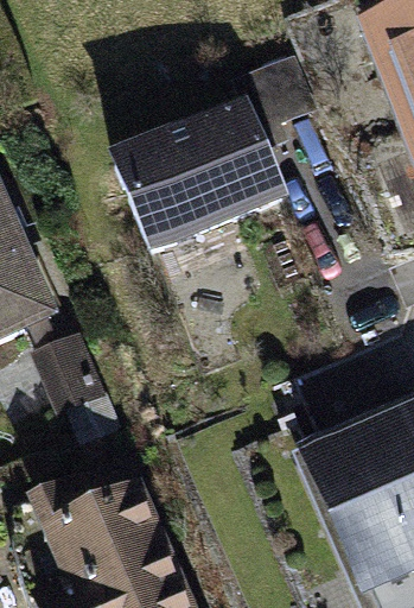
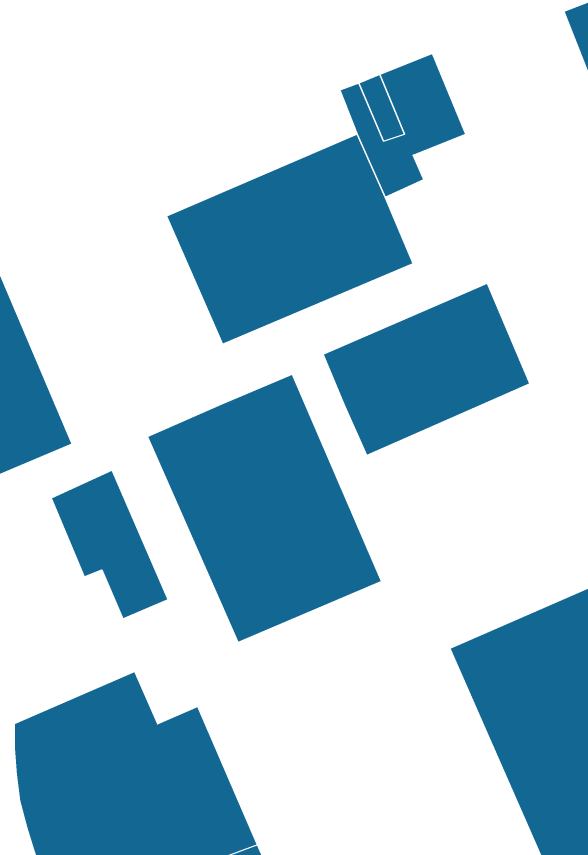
building: none -> [323,283,530,455]
building: none -> [147,374,382,642]

